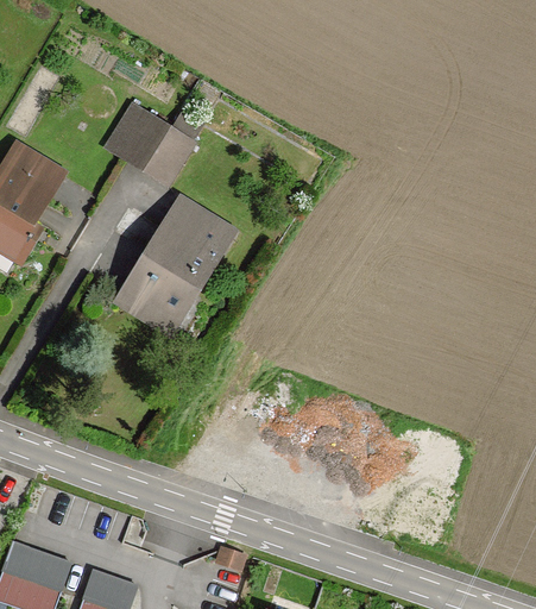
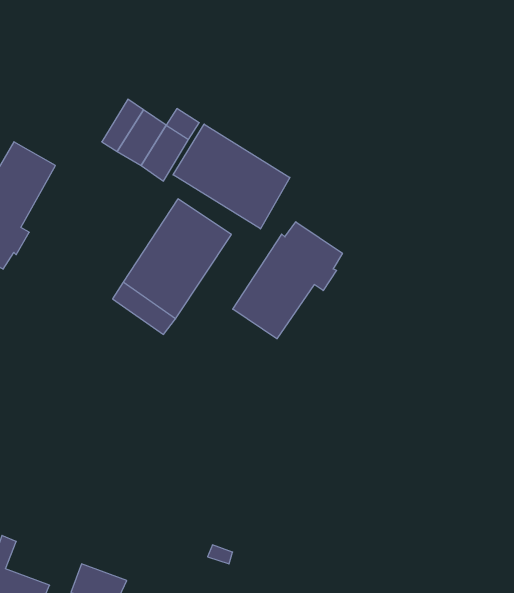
building: none -> [173,124,290,229]
building: none -> [233,222,342,339]
building: [11,544,65,588] -> none

